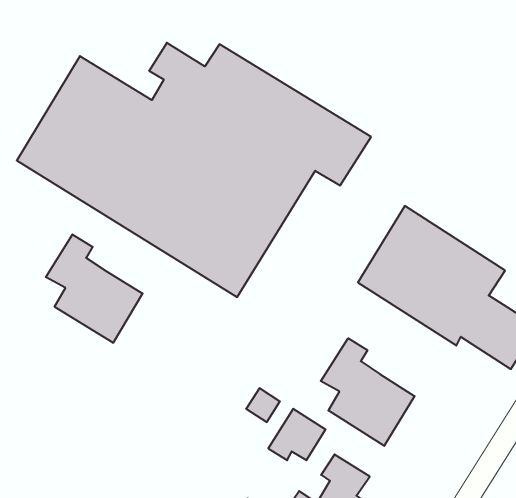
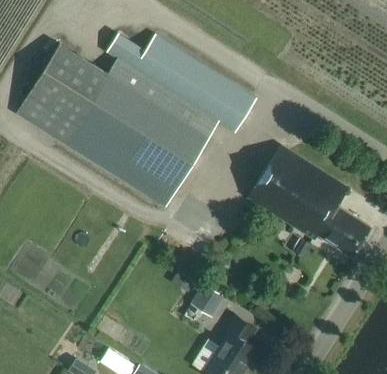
building: [46,234,143,343] -> none
building: [321,338,415,446] -> none

